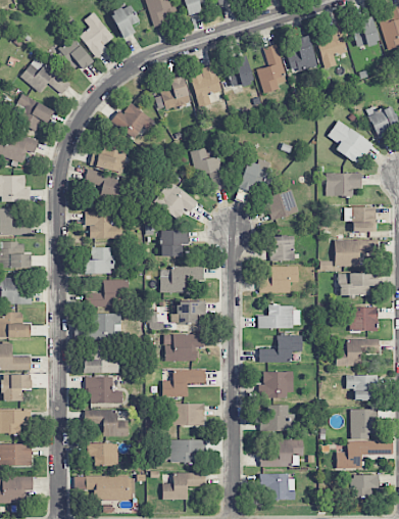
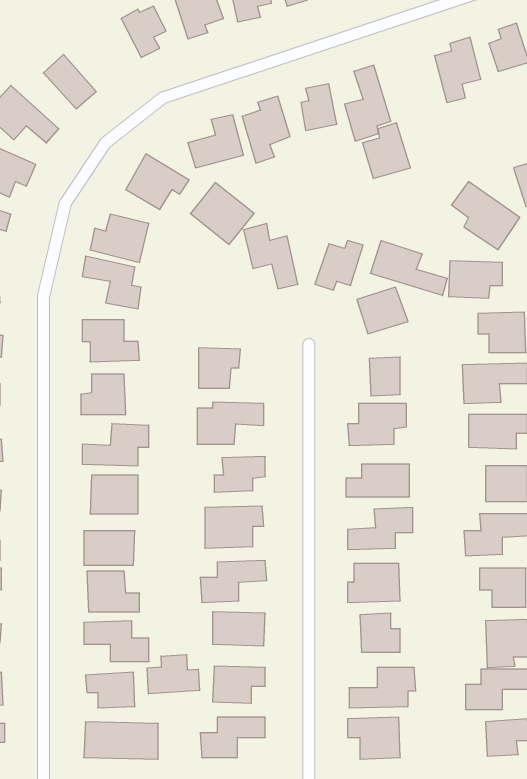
building: [80,12,113,57] -> none
building: [286,36,317,73] -> [362,123,410,179]
building: none -> [370,240,447,296]
building: [154,181,196,222] -> [190,182,254,244]
building: none -> [147,654,199,694]

